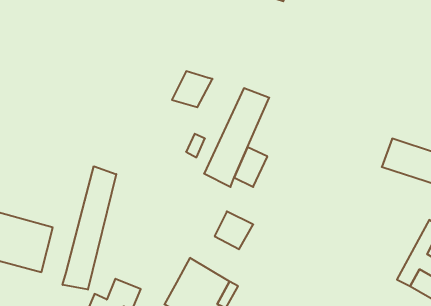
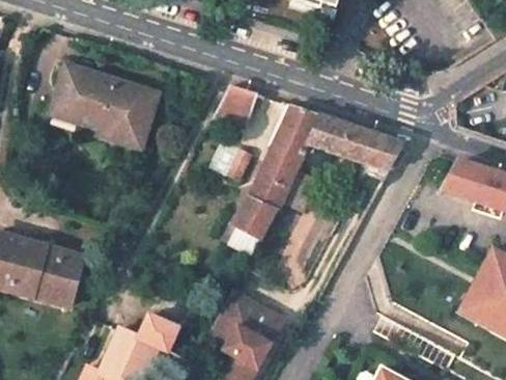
building: none -> [52,64,157,147]
building: none -> [306,114,403,170]
building: [63,166,116,290] -> none
building: [215,211,253,249] -> [233,197,276,239]

